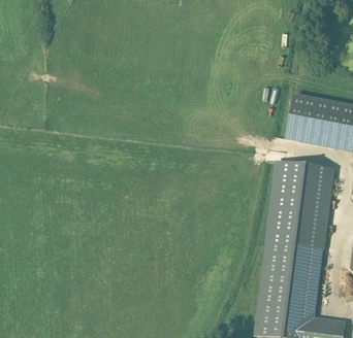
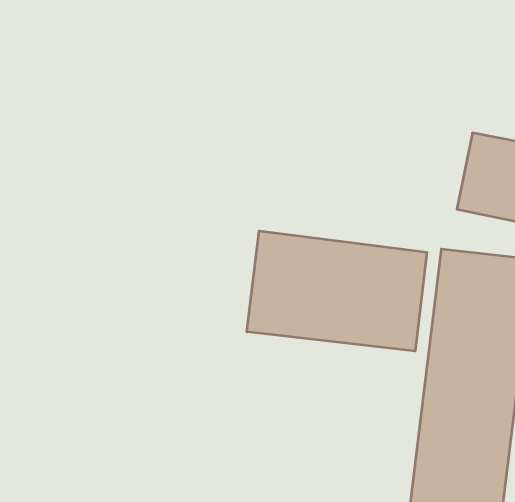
building: none -> [247,231,427,351]

